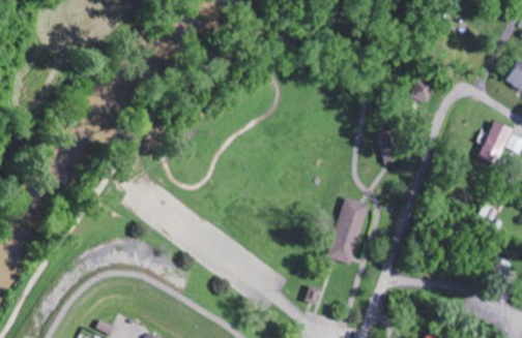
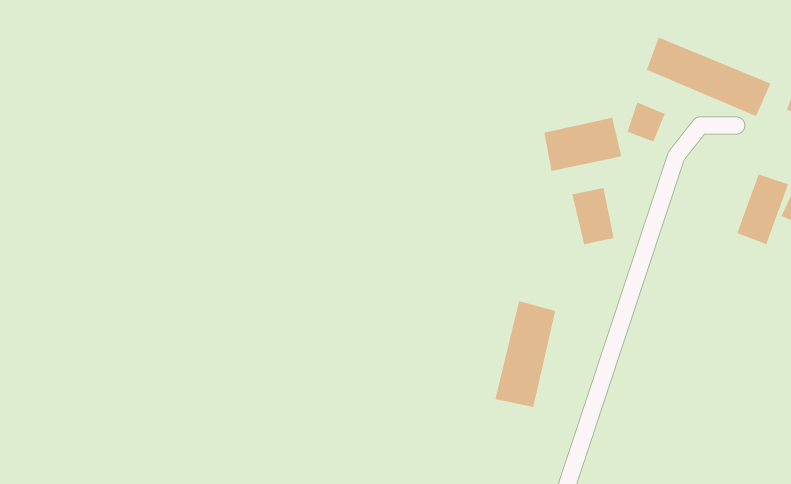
building: none -> [646,37,772,117]
building: none -> [543,117,622,172]

